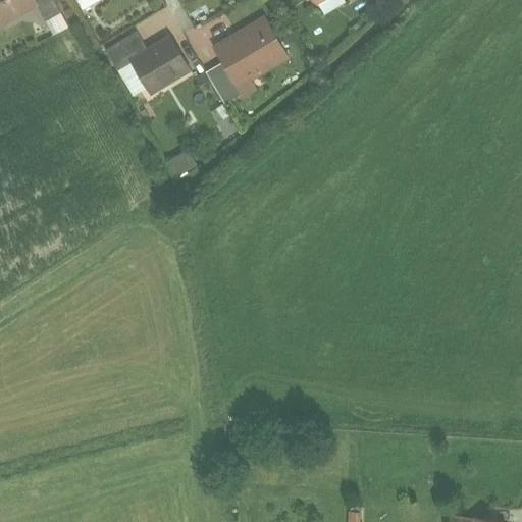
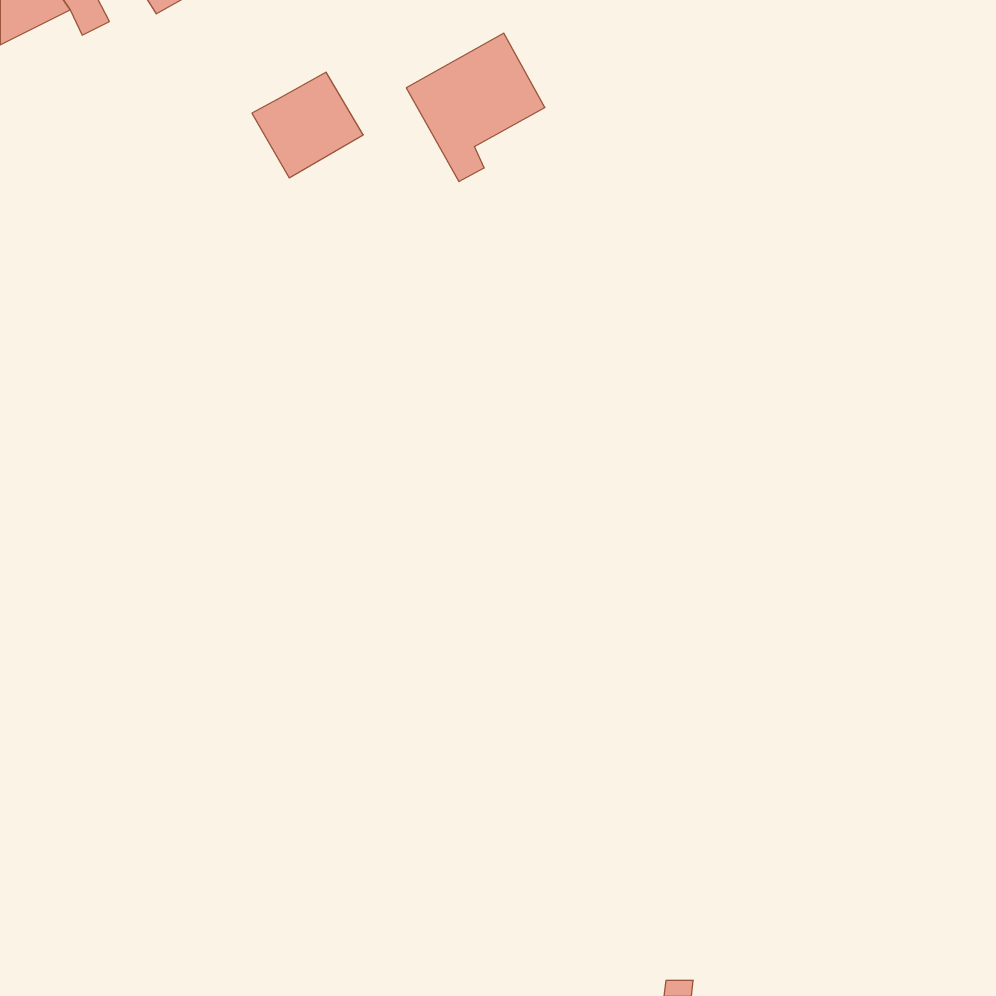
building: [105,33,146,69] -> none
building: [207,62,241,103] -> none

